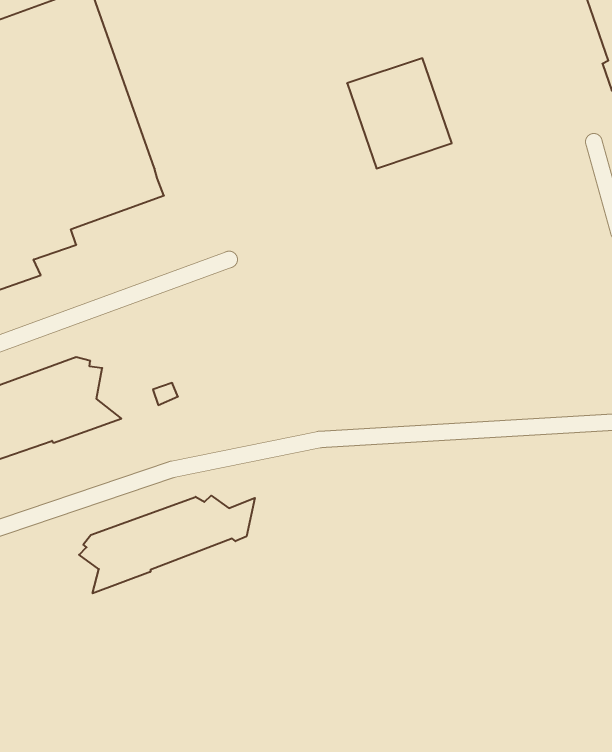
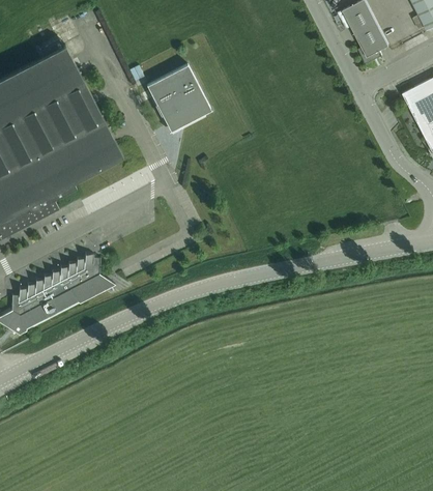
building: [347,58,452,168] -> [147,66,210,132]
building: [79,496,255,593] -> none

